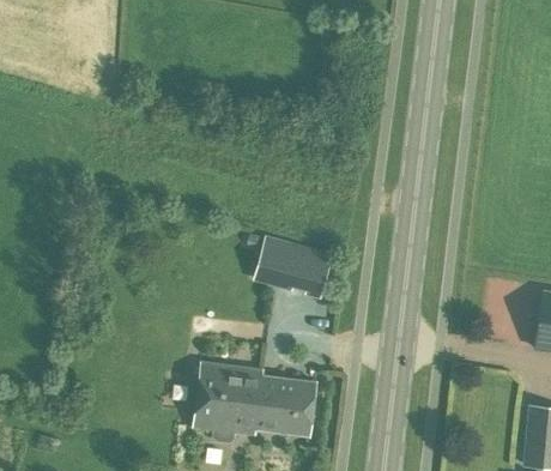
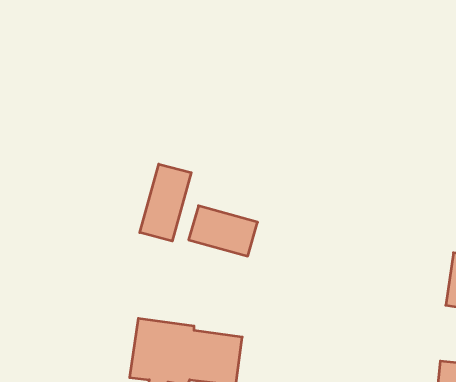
building: none -> [140,164,191,241]

